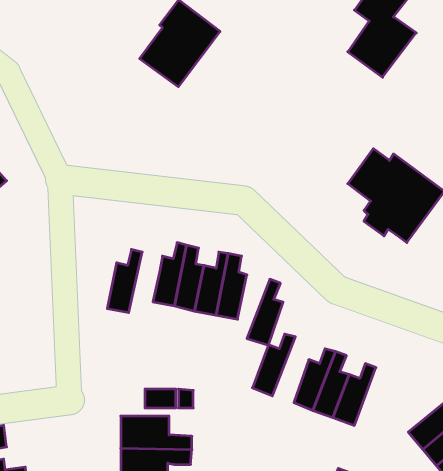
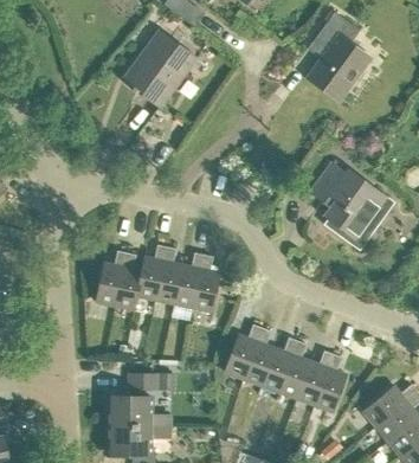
building: none -> [115,252,142,309]
building: [247,279,283,345] -> [241,327,273,385]
building: none -> [314,354,346,412]

